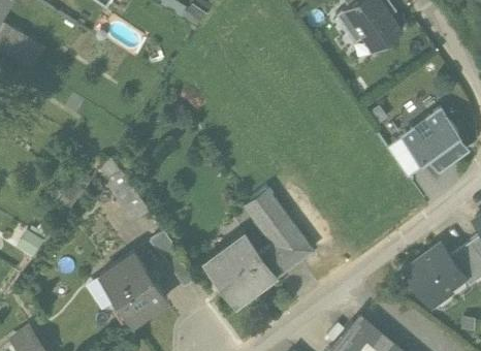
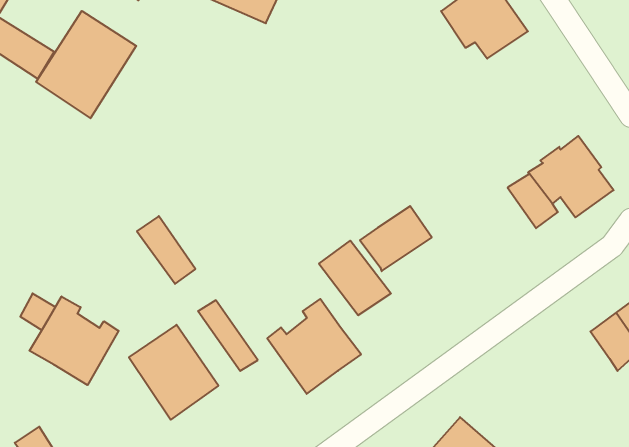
building: none -> [36,11,136,118]
building: [260,229,315,279] -> [360,206,432,271]
building: none -> [29,296,119,385]
building: [406,248,464,310] -> none

